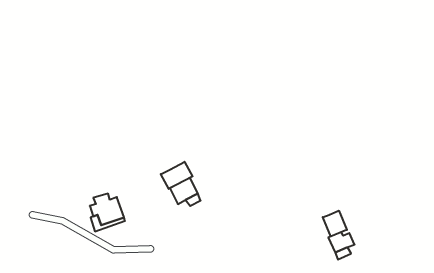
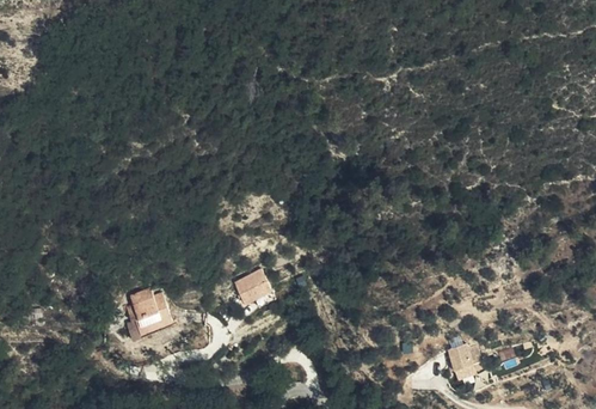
building: [161,162,193,189] -> none
building: [323,211,347,236] -> none

